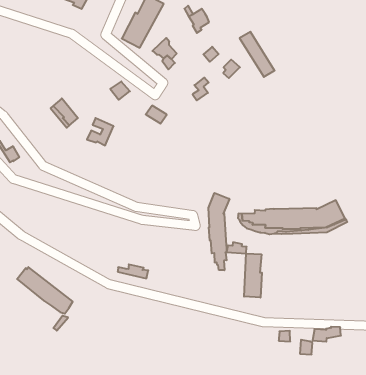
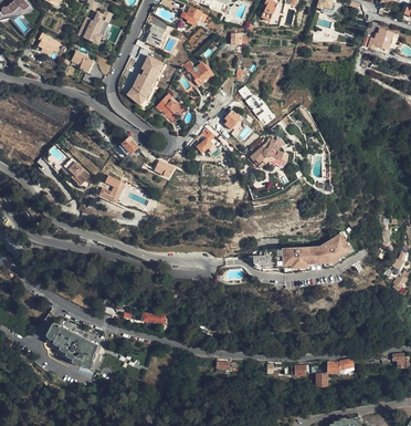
building: none -> [251,137,286,168]
building: [209,193,229,270] -> none
building: [244,254,262,298] -> none

